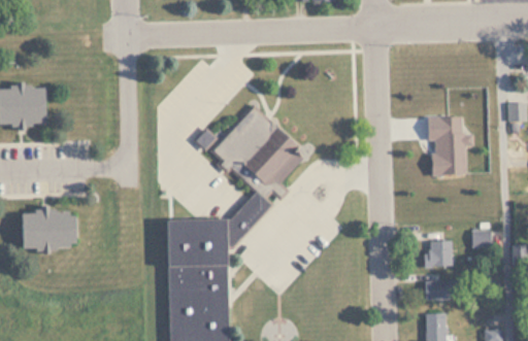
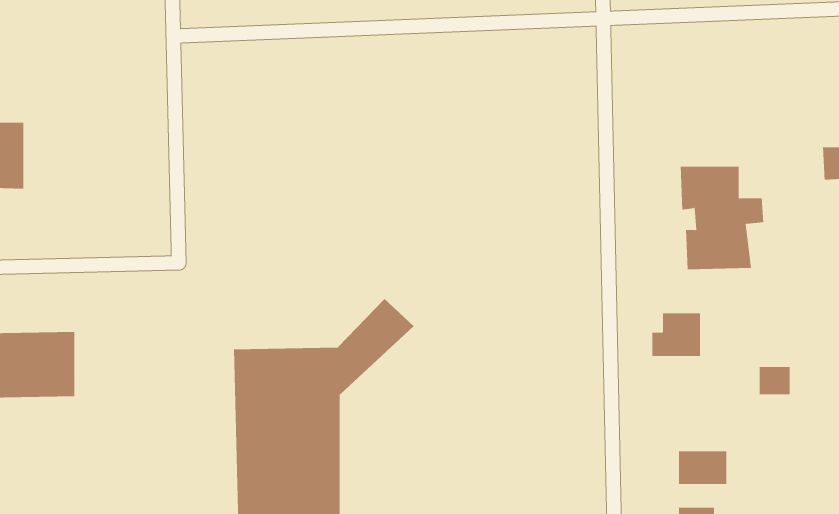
building: [211,106,305,199] -> none
building: [425,240,454,266] -> [651,313,701,357]

